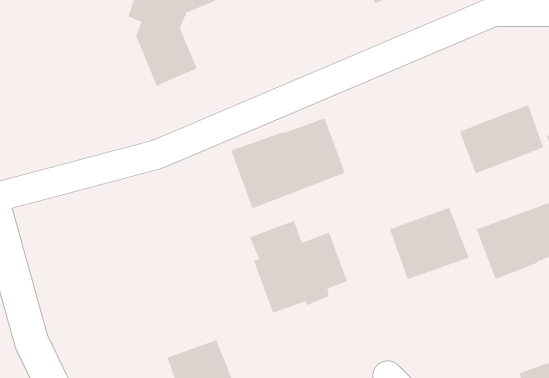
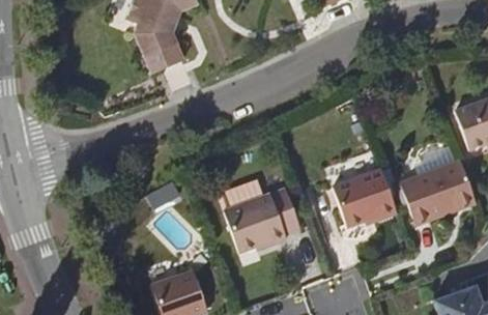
building: [459,104,544,174] -> none
building: [231,118,346,209] -> none

